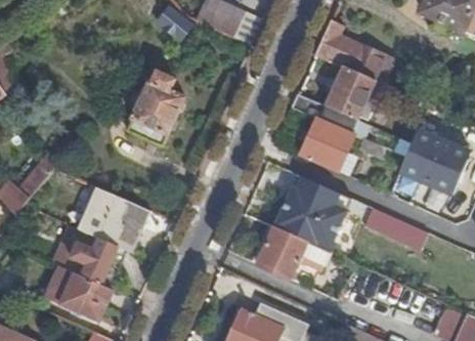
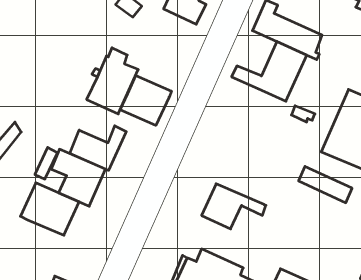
building: none -> [120,75,171,125]
building: [302,119,353,175] -> none
building: none -> [70,126,126,170]
building: [272,173,350,250] -> none
building: [50,267,112,321] -> none

